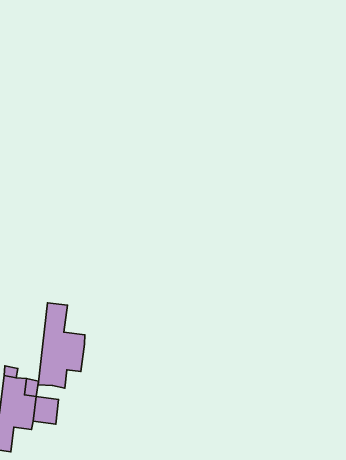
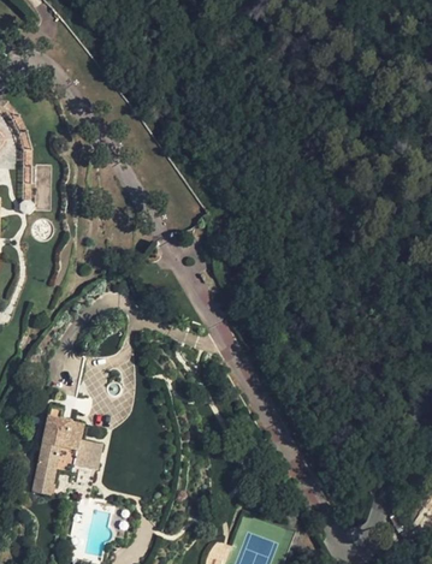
building: [38,303,85,388] -> none

